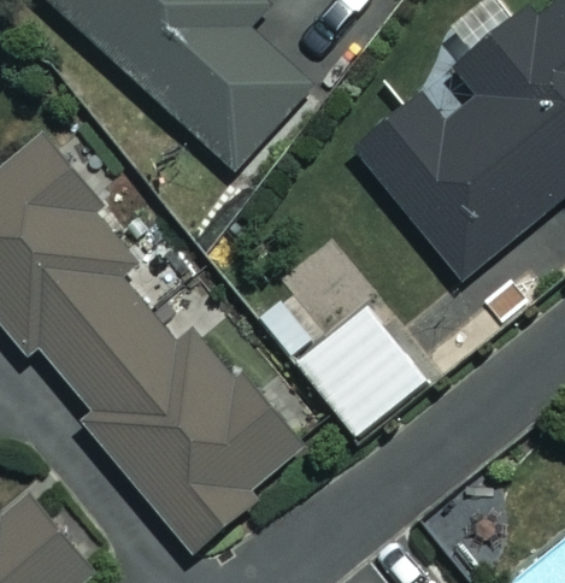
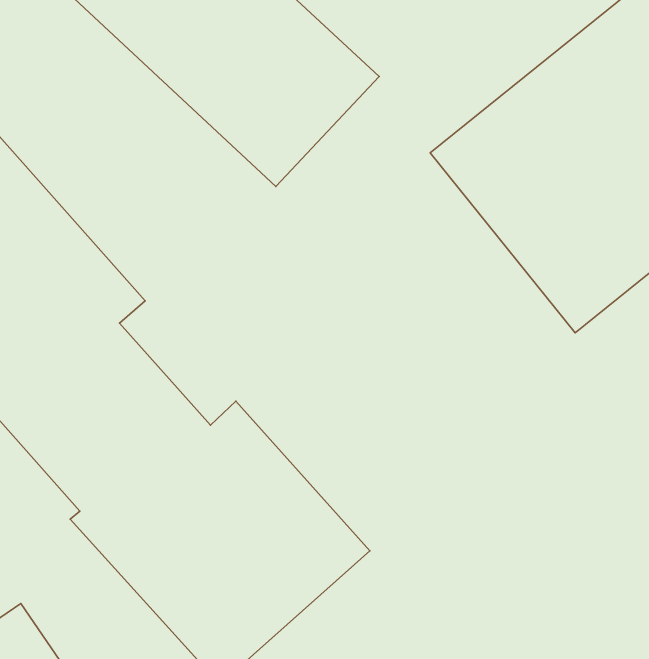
building: [296,305,426,435] -> none

